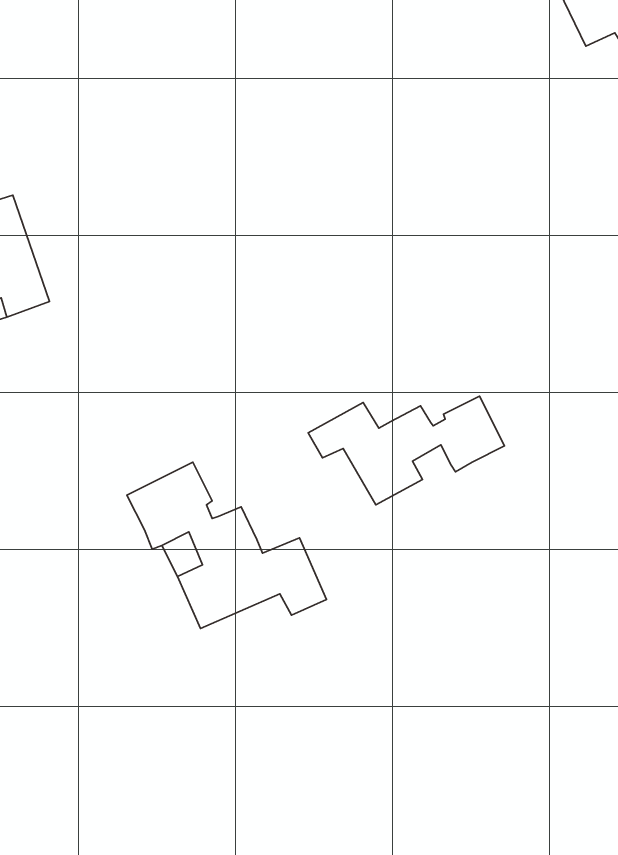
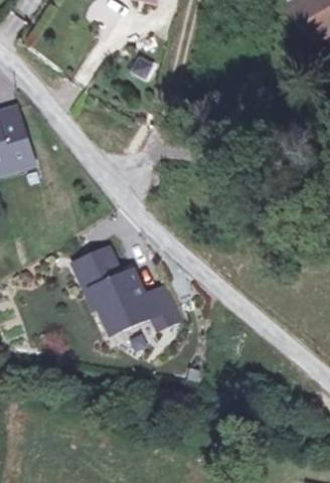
building: [308,396,504,505] -> none

